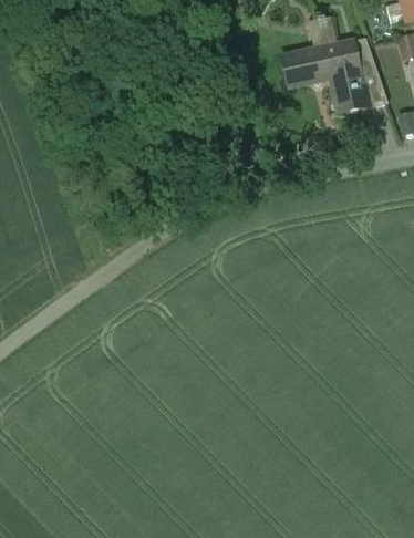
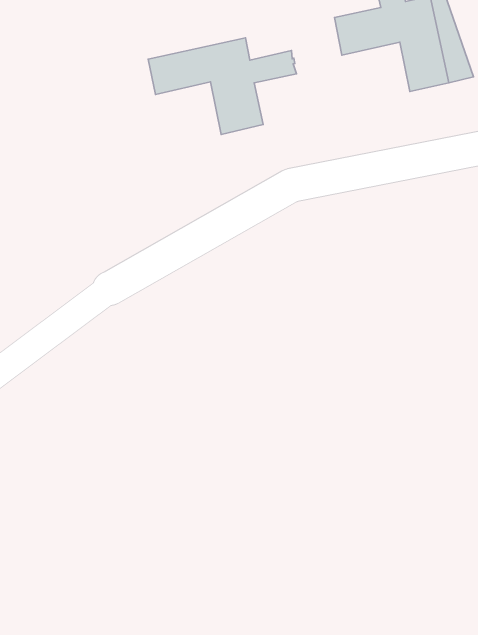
building: none -> [148,38,297,134]

